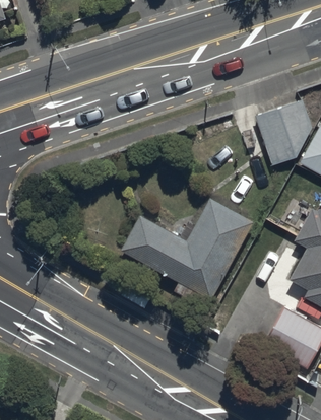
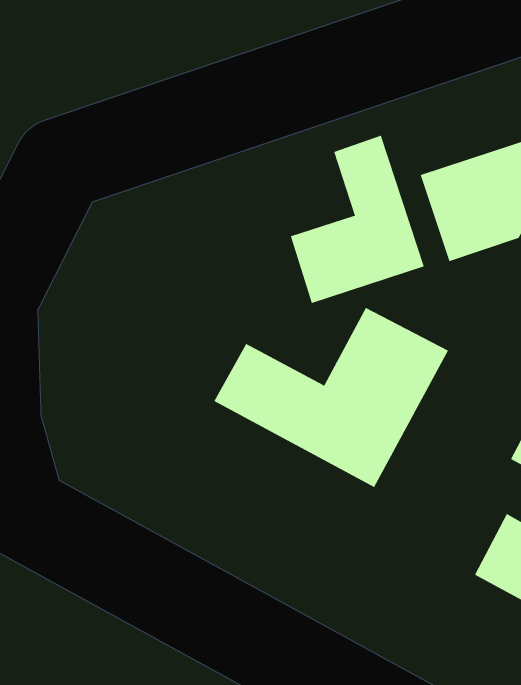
building: none -> [290,135,425,304]

